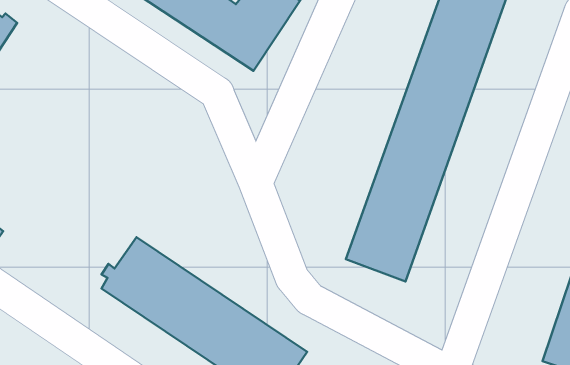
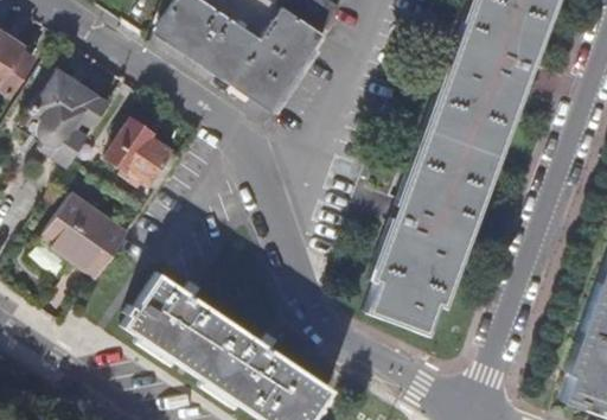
building: none -> [31,71,109,168]
building: none -> [111,123,171,183]
building: none -> [43,196,127,275]

